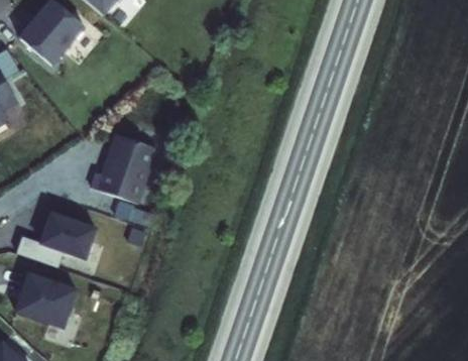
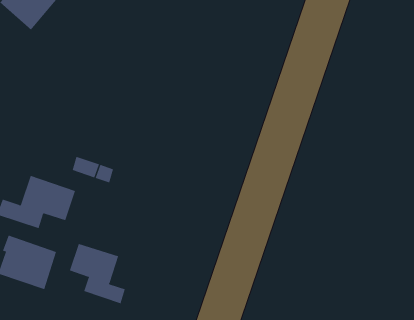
building: [92,134,157,203] -> none
building: none -> [69,243,125,304]

